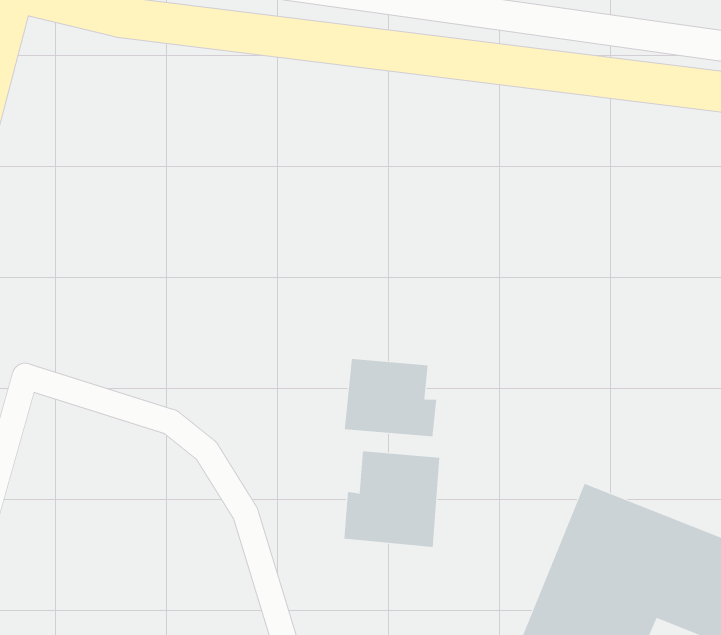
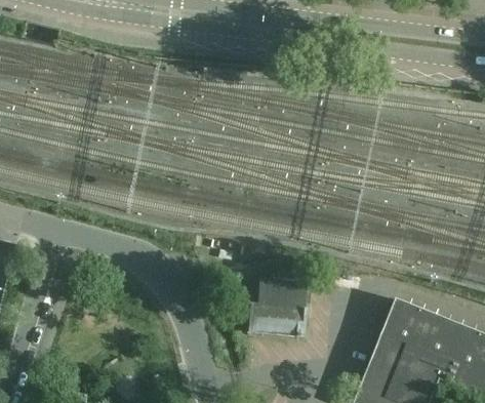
building: [344,358,437,437] -> none

